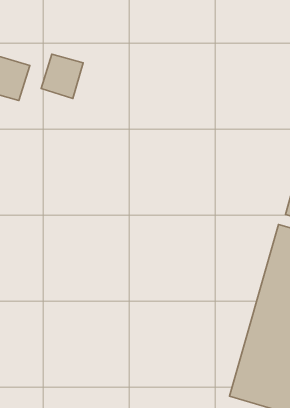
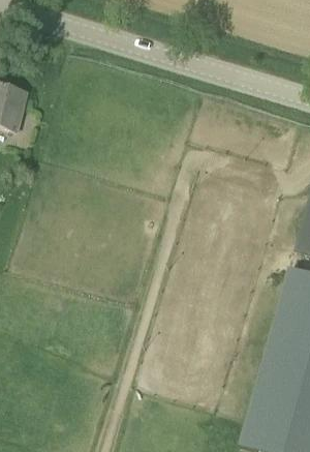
building: [41,54,83,98] -> none

